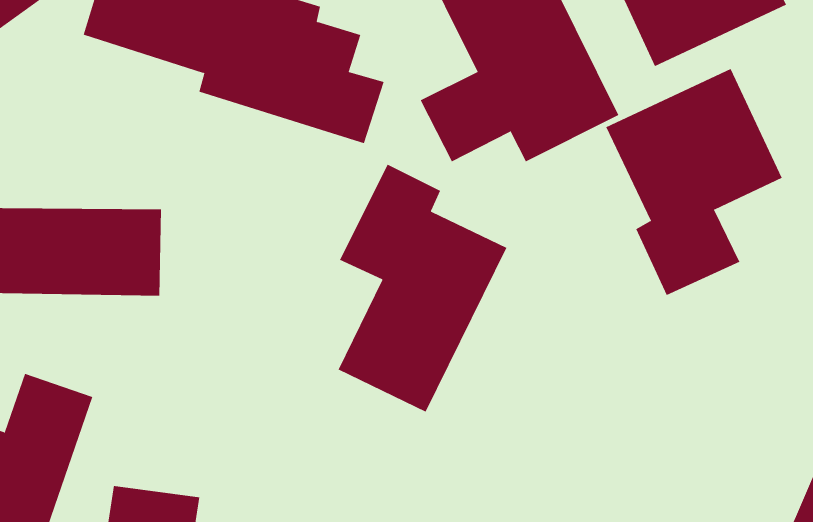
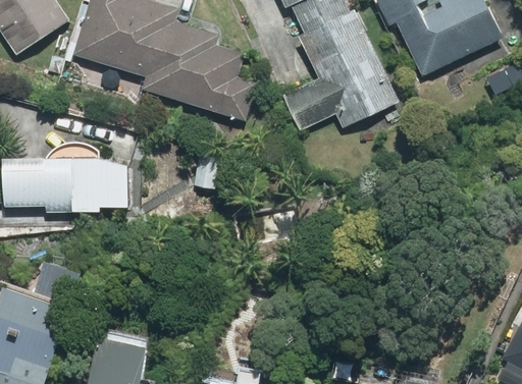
building: [606,68,783,296] -> none
building: [338,164,507,413] -> none

